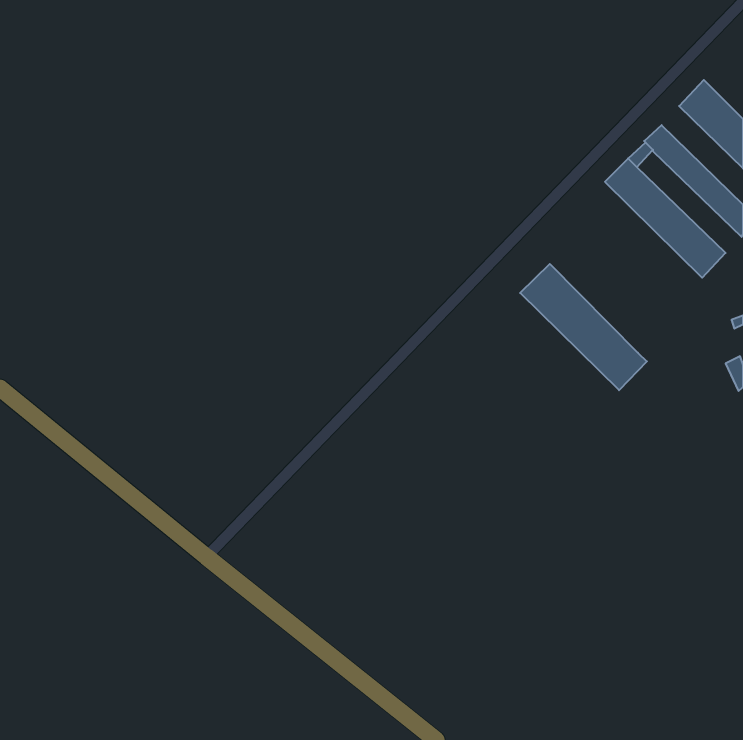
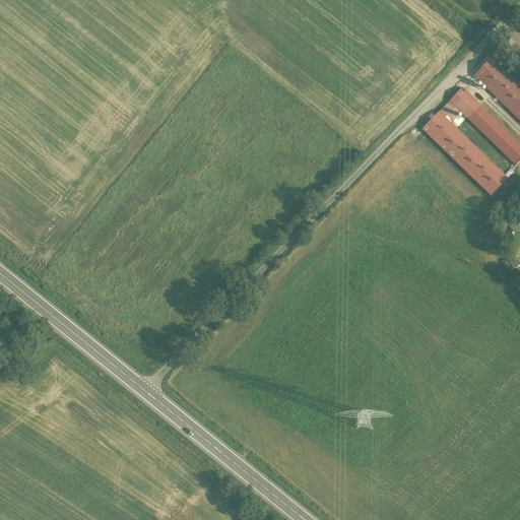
building: [520,264,647,390] -> none

